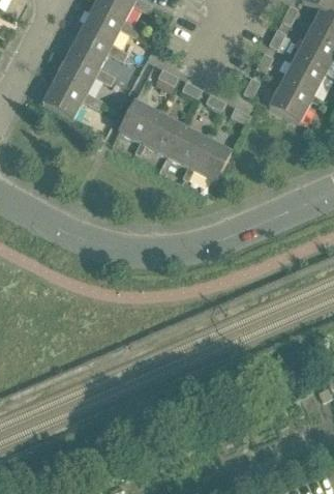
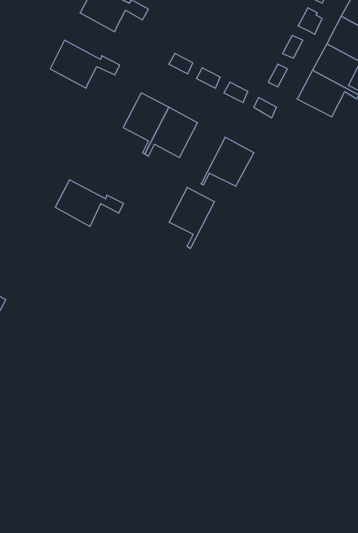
building: [67,30,127,70] -> none
building: [42,79,101,119] -> [55,180,124,226]
building: [166,125,206,178] -> [169,187,215,248]

